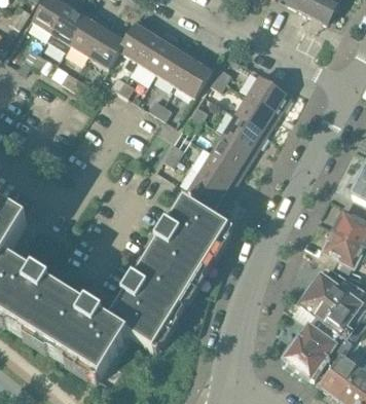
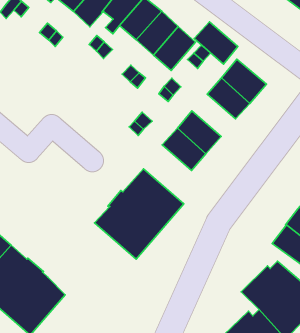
building: [222,114,266,153] -> [194,22,238,64]
building: [187,171,231,210] -> none
building: [108,258,191,348] -> none

